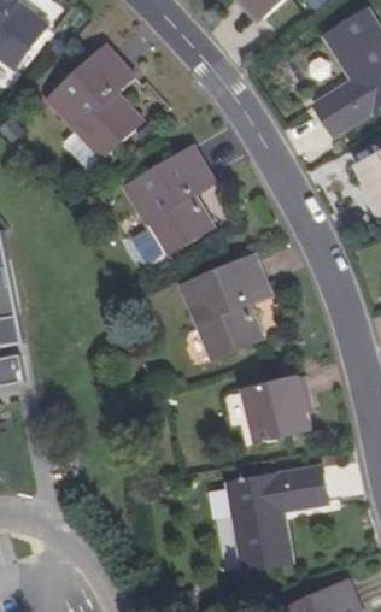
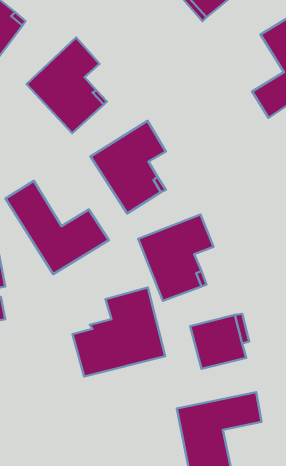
building: none -> [5,181,109,274]
building: none -> [72,288,165,377]

